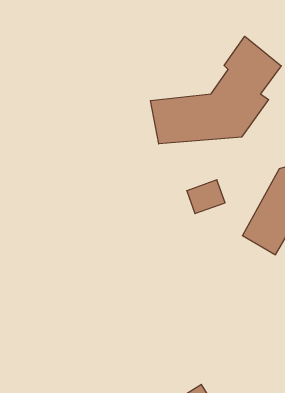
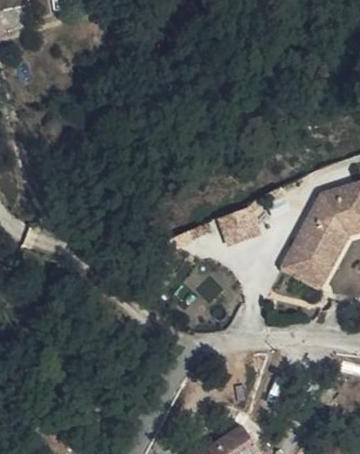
building: [150,36,281,144] -> none

